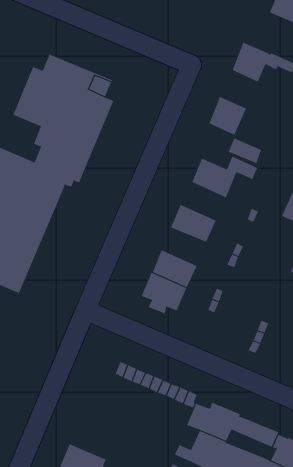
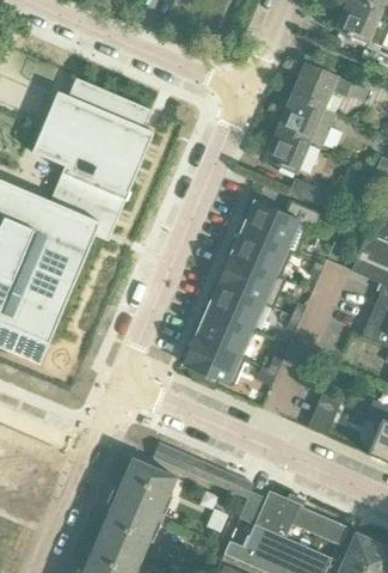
building: none -> [277,97,334,146]
building: none -> [230,230,285,275]
building: none -> [208,284,261,329]
building: none -> [99,459,178,559]

